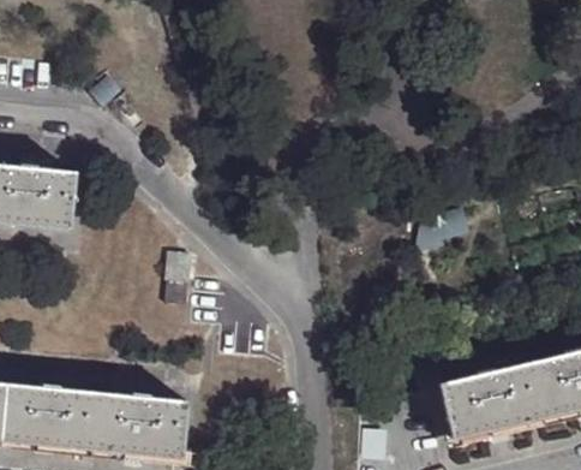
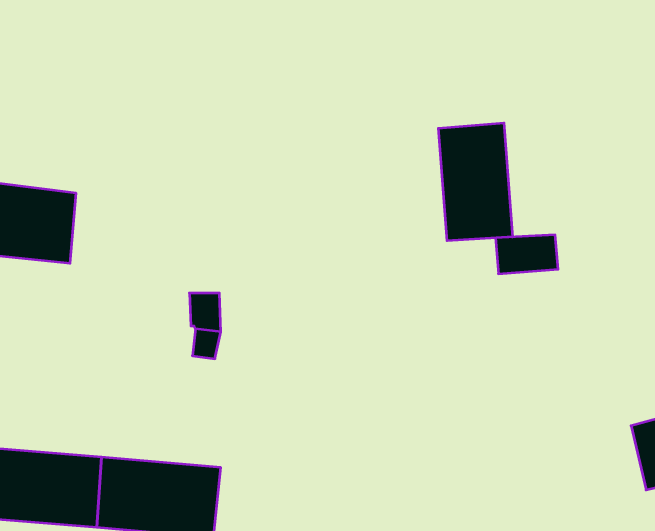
building: none -> [438,123,512,241]
building: [441,365,534,438] -> none

